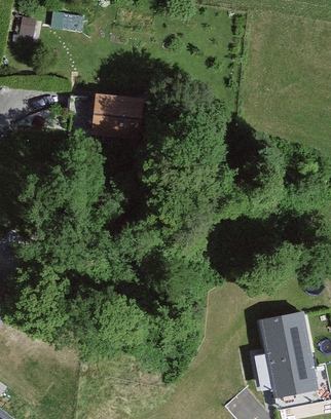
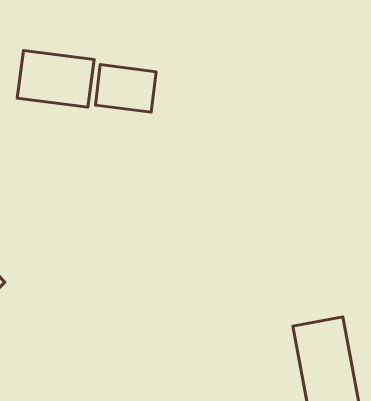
building: none -> [17,50,94,107]

